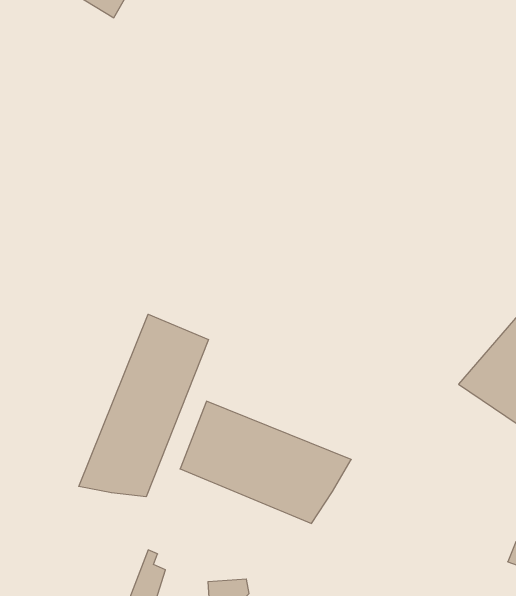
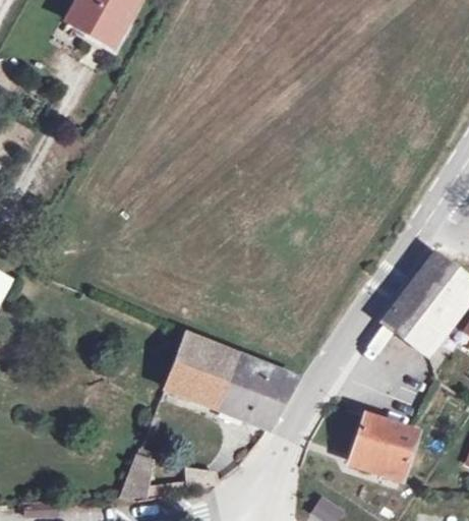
building: [79,314,208,497] -> none
building: none -> [350,412,414,476]

